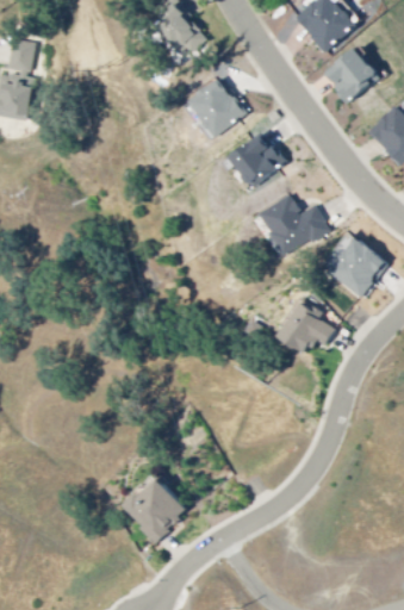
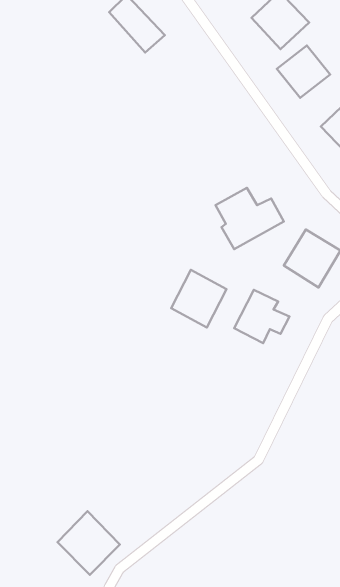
building: [185,77,244,138] -> none
building: [224,131,284,189] -> none
building: none -> [171,270,227,327]
building: [123,477,187,542] -> [57,511,120,575]

